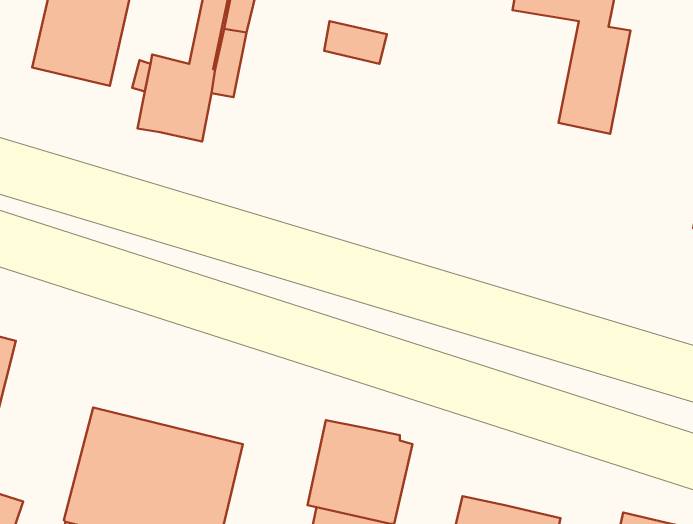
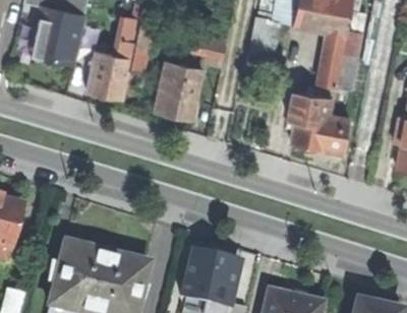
building: none -> [154,60,201,118]
building: none -> [288,93,349,154]

